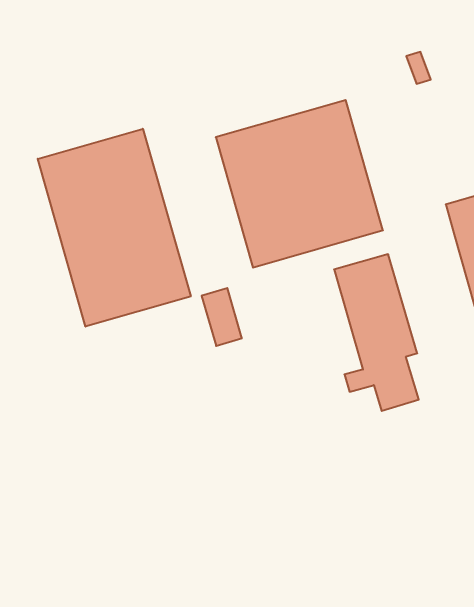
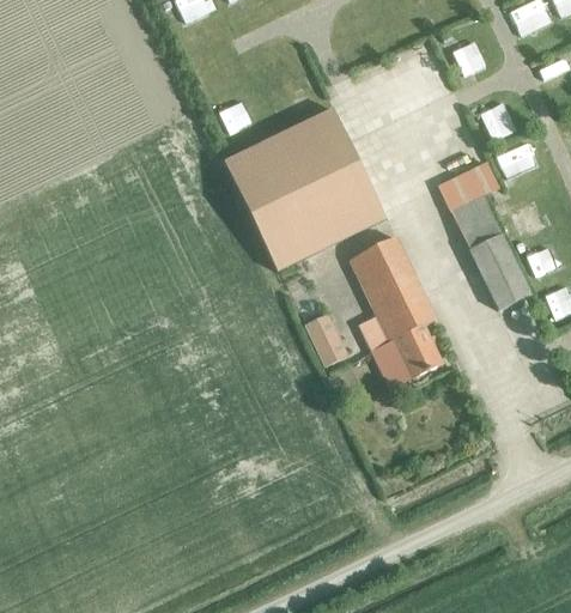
building: [38,129,191,327] -> none
building: [202,288,242,346] -> [305,312,347,365]

